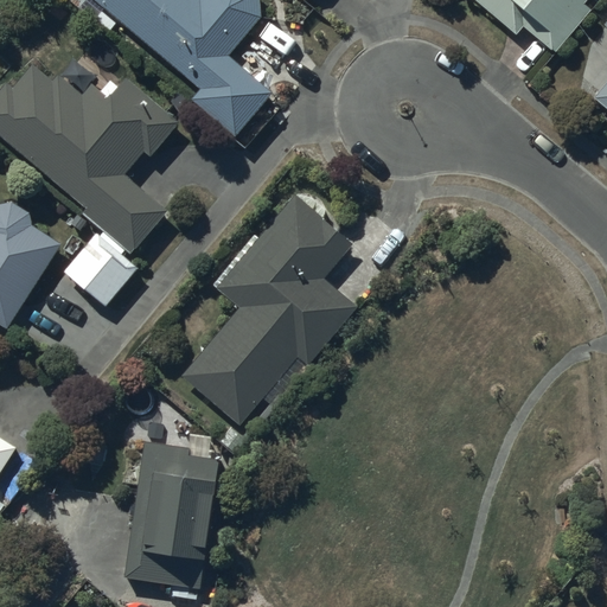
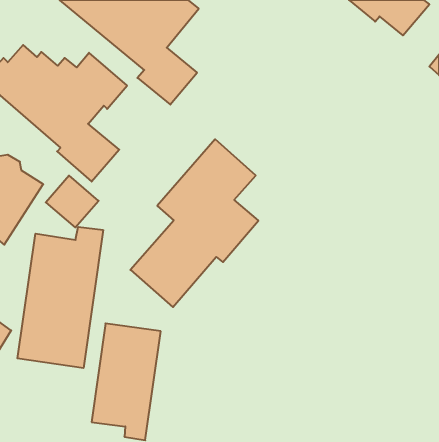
building: none -> [17,227,103,368]

